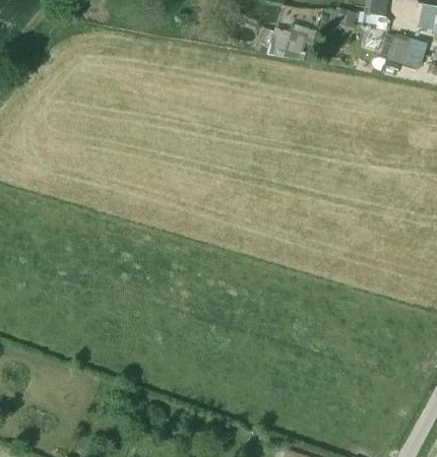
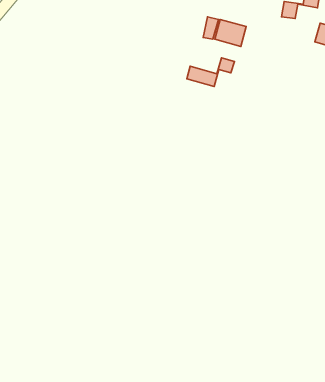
building: none -> [187,58,235,86]

